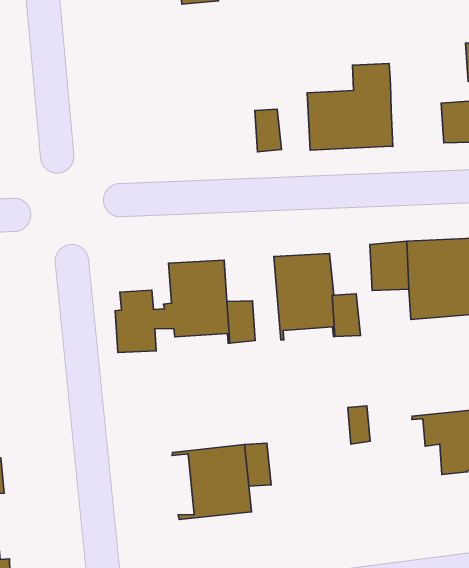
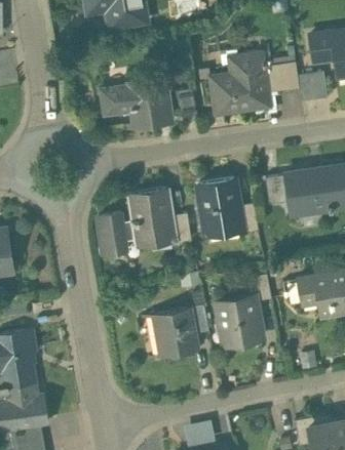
building: none -> [263,64,299,93]
building: none -> [101,80,169,128]
building: none -> [217,297,261,345]

